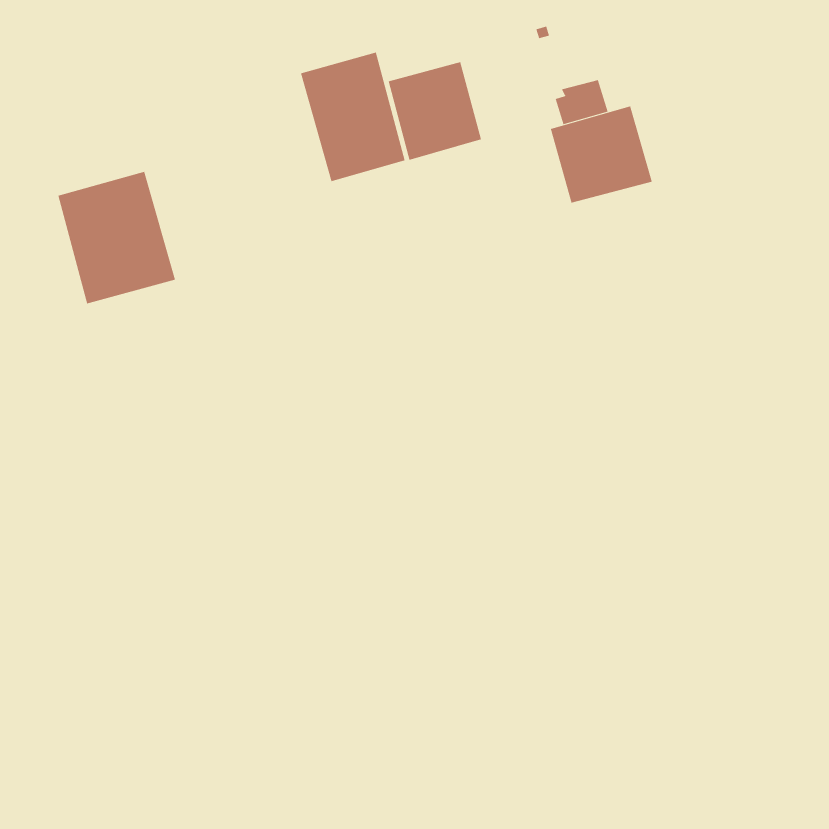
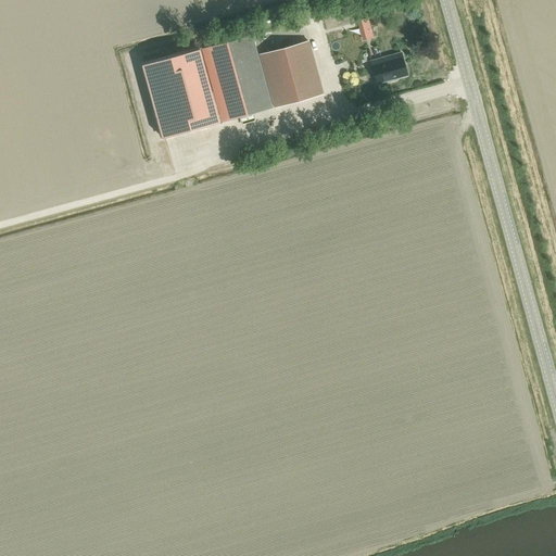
building: [550,106,652,204] -> none
building: [57,171,176,304] -> [142,49,222,138]

